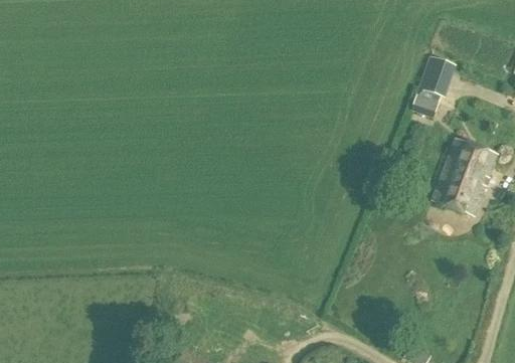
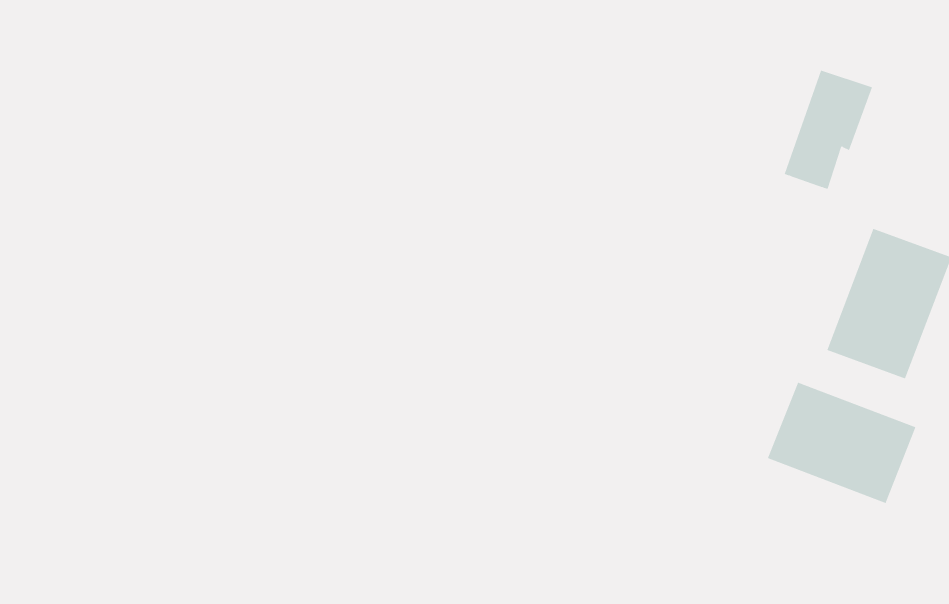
building: none -> [767,382,916,504]

